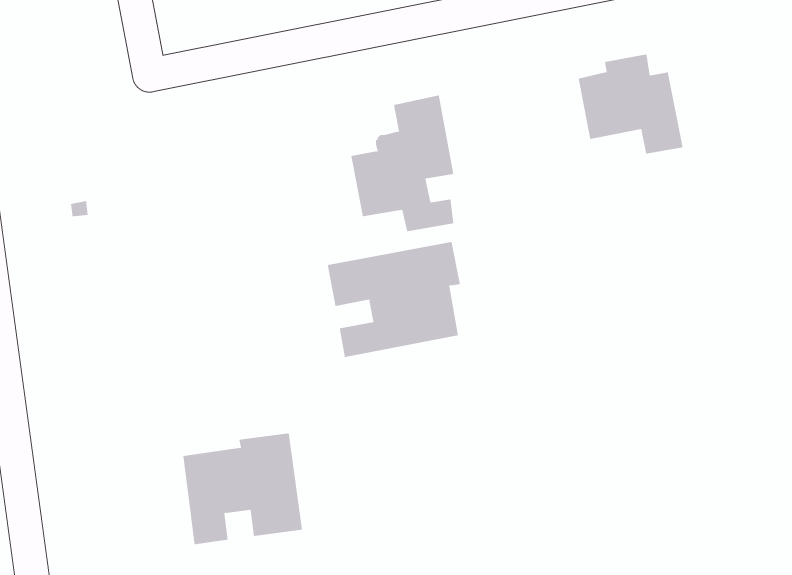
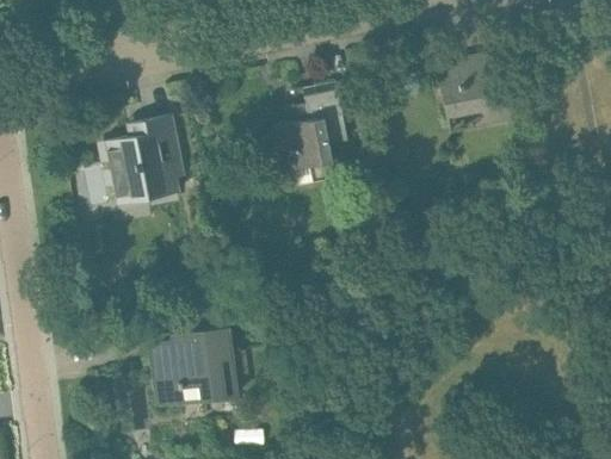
building: none -> [104,113,184,203]
building: [327,241,460,358] -> none

